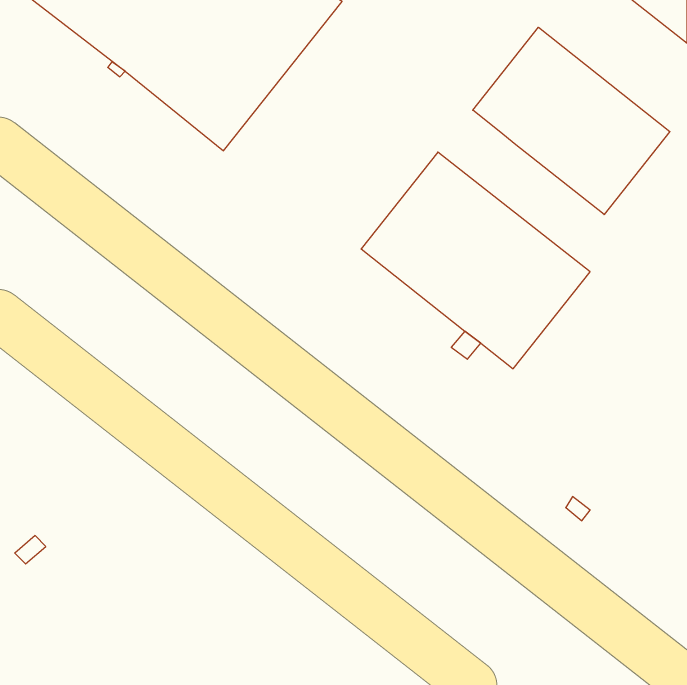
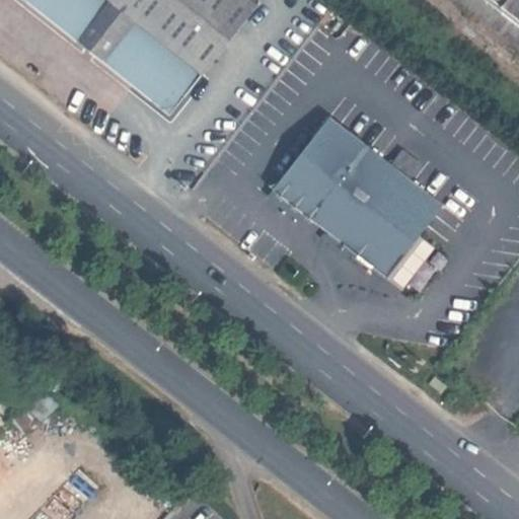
building: [473,27,670,215] -> none

